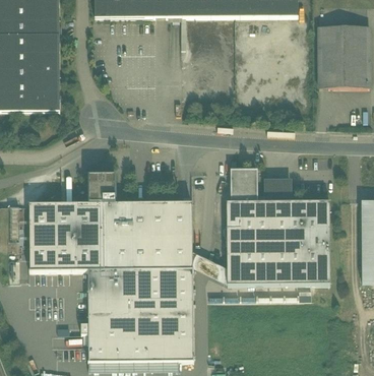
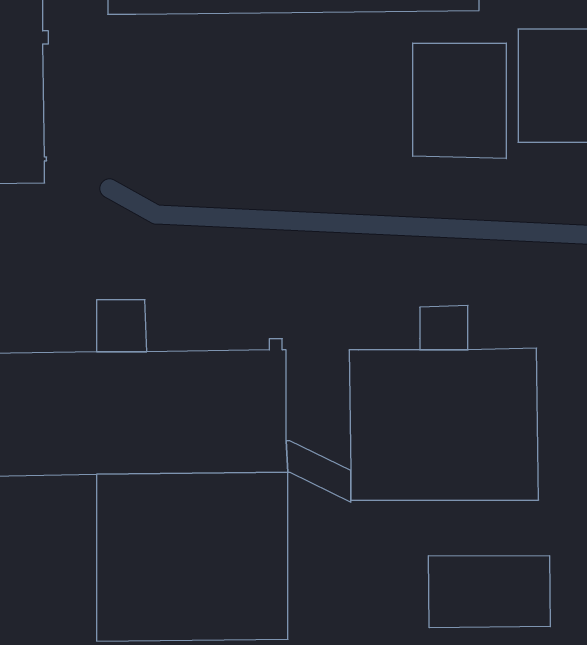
building: none -> [413,43,506,159]
building: [232,169,265,201] -> none
building: none -> [429,556,550,628]

